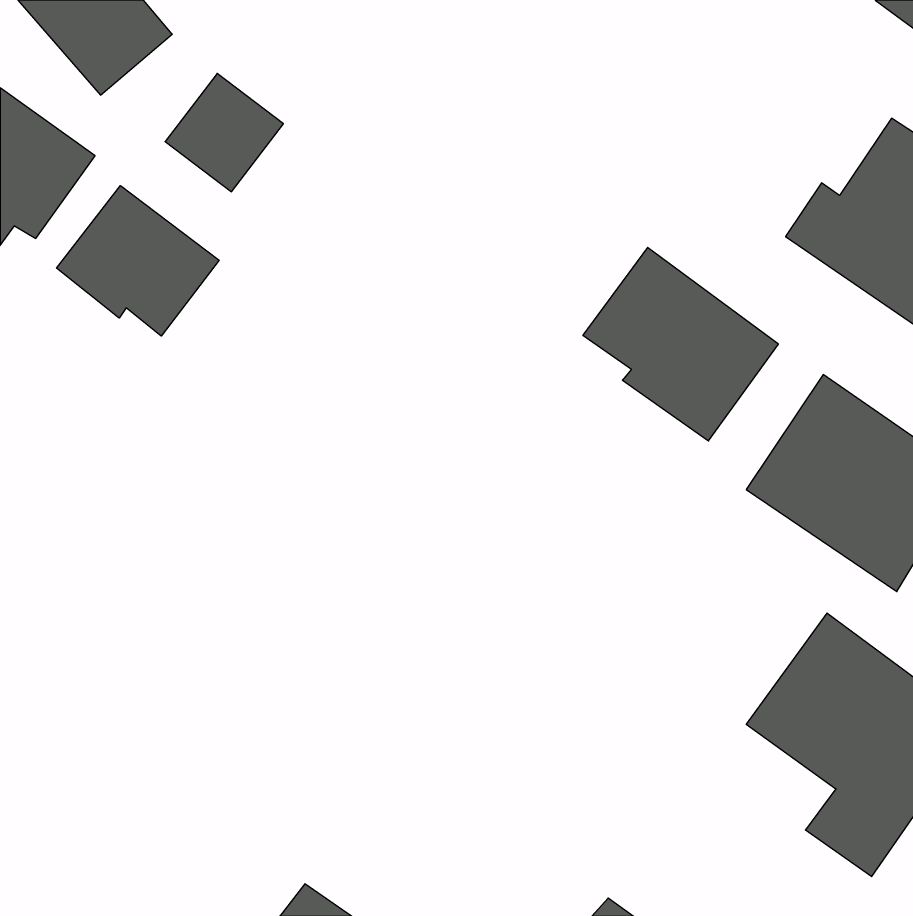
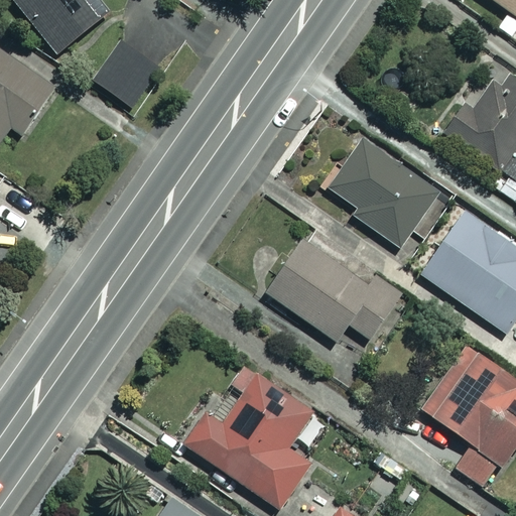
building: [57,186,219,336] -> none
building: none -> [264,236,395,340]
building: none -> [184,372,314,508]

